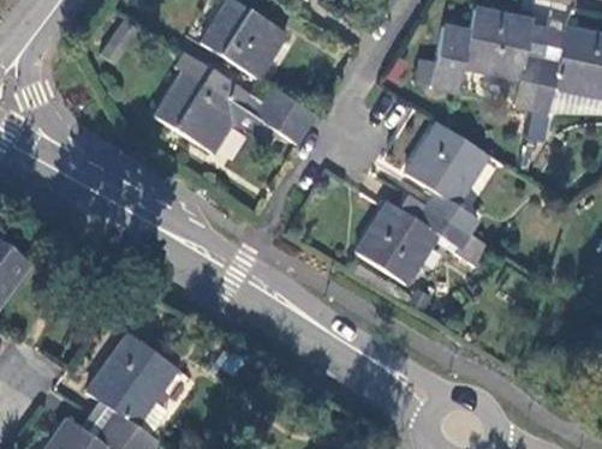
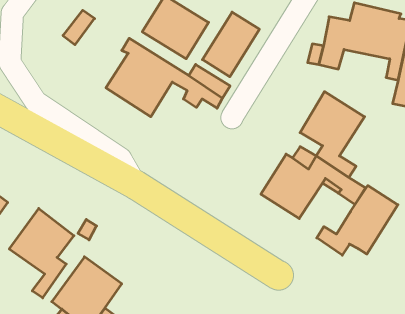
building: none -> [202,12,259,77]
building: none -> [317,186,398,255]
building: none -> [9,208,74,298]

